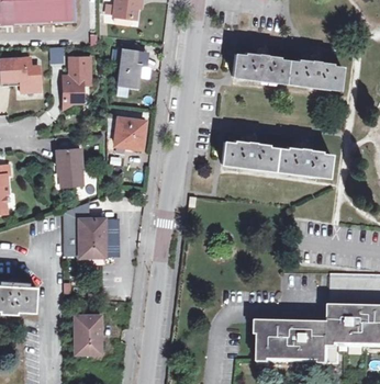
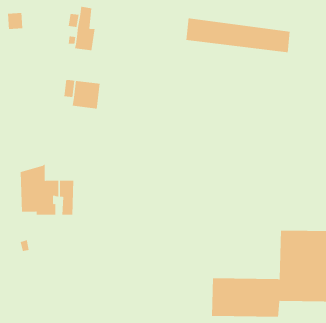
building: [67,57,94,109] -> none
building: [221,140,331,177] -> none
building: [55,149,82,187] -> none
building: [74,316,98,353] -> none

